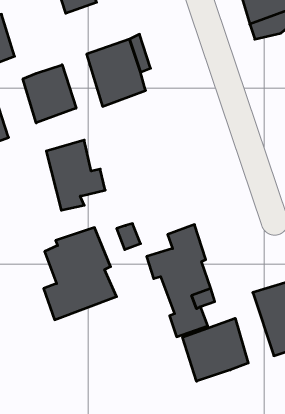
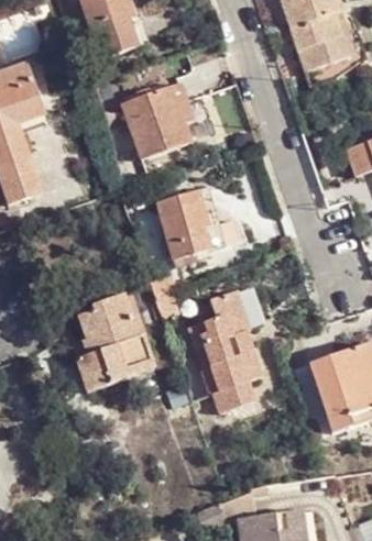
building: [23,65,76,123] -> none
building: [46,140,105,210] -> [156,192,221,269]
building: [183,318,248,381] -> none

